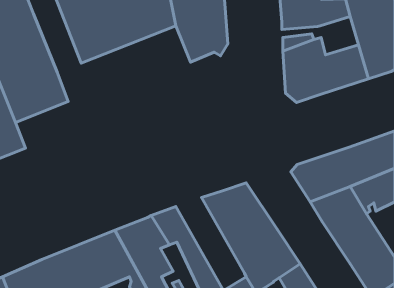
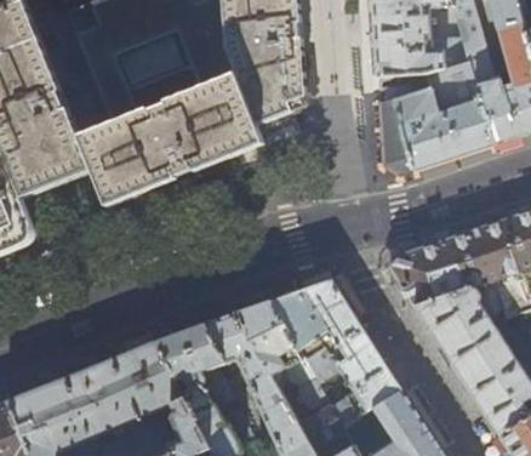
building: none -> [423,59,478,110]
building: none -> [78,72,262,205]
building: none -> [235,300,326,409]

